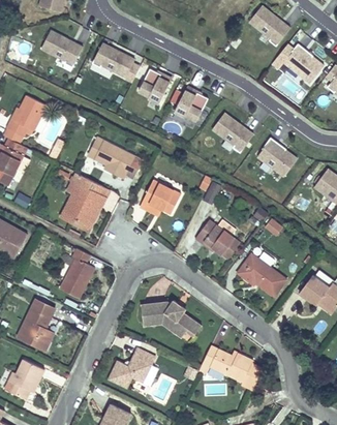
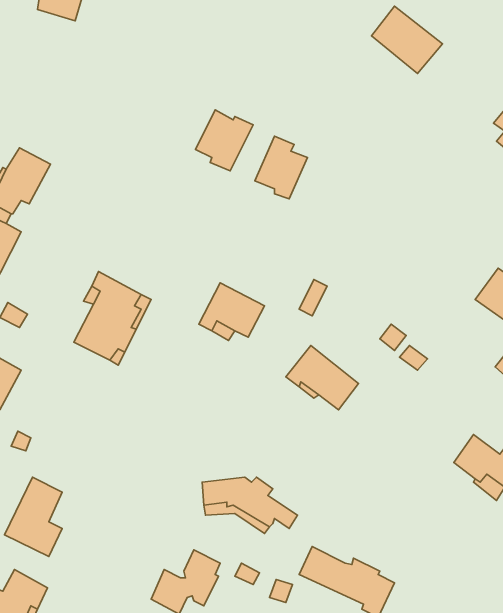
building: [40,30,85,69] -> none
building: [92,43,136,80] -> none
building: [283,44,326,87] -> none
building: [211,113,255,155] -> none
building: [87,138,135,179] -> none
building: [256,140,299,180] -> none
building: [61,248,95,298] -> none
building: [237,252,286,296] -> none

